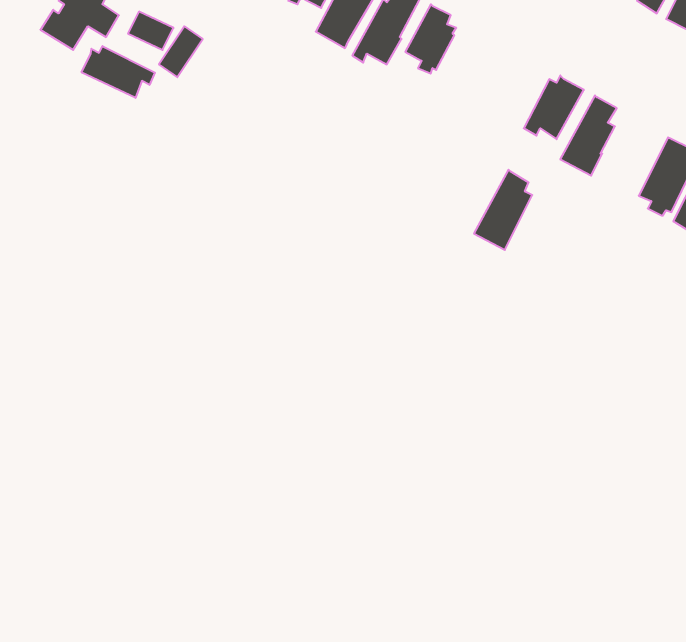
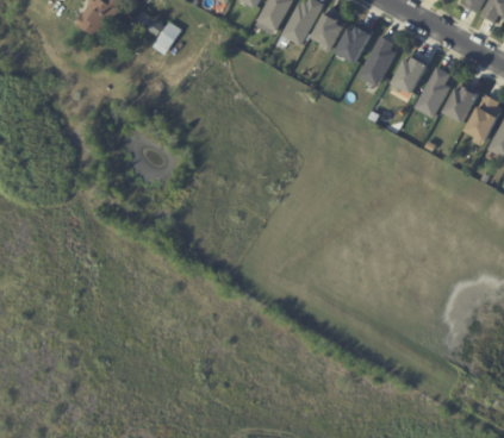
building: none -> [335,21,373,63]
building: [82,46,155,98] -> none
building: none -> [443,82,479,123]
building: [474,170,532,250] -> [357,35,396,87]

